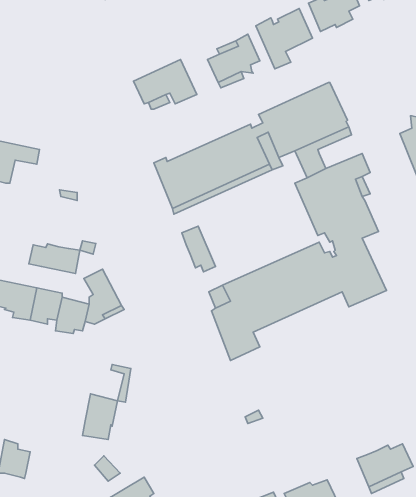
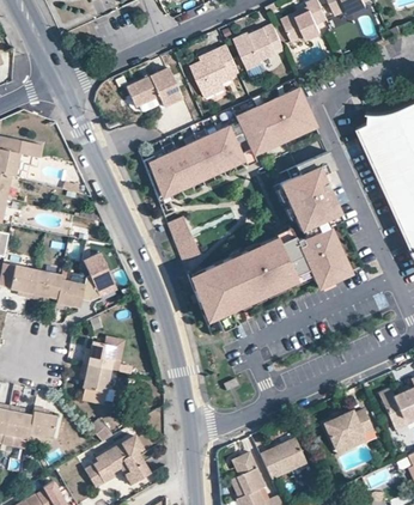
building: [29,244,80,274] -> none
building: none -> [86,341,116,371]
building: none -> [29,412,57,440]

